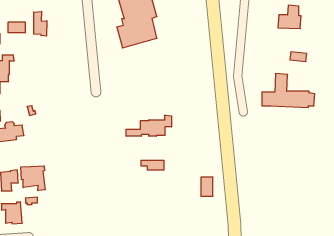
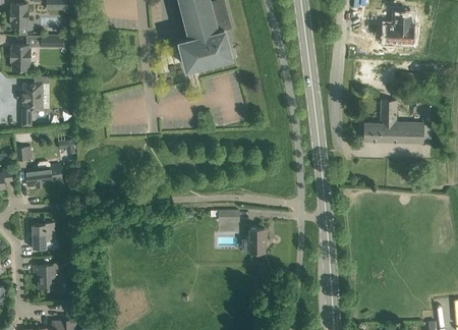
building: [34,11,47,36] -> none
building: [126,115,171,136] -> none
building: [21,166,45,191] -> none
building: [201,177,213,196] -> [248,229,264,254]

